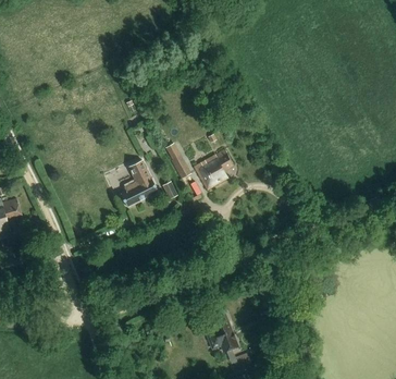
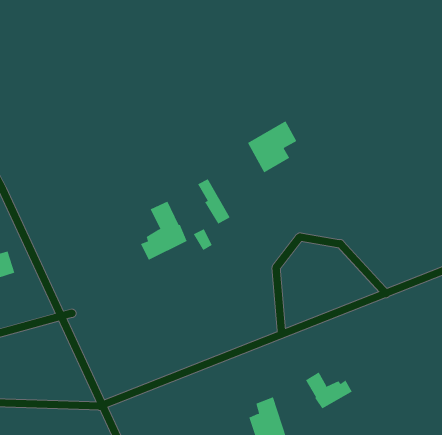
building: [195,148,234,190] -> [247,120,297,173]
building: none -> [305,372,353,409]

